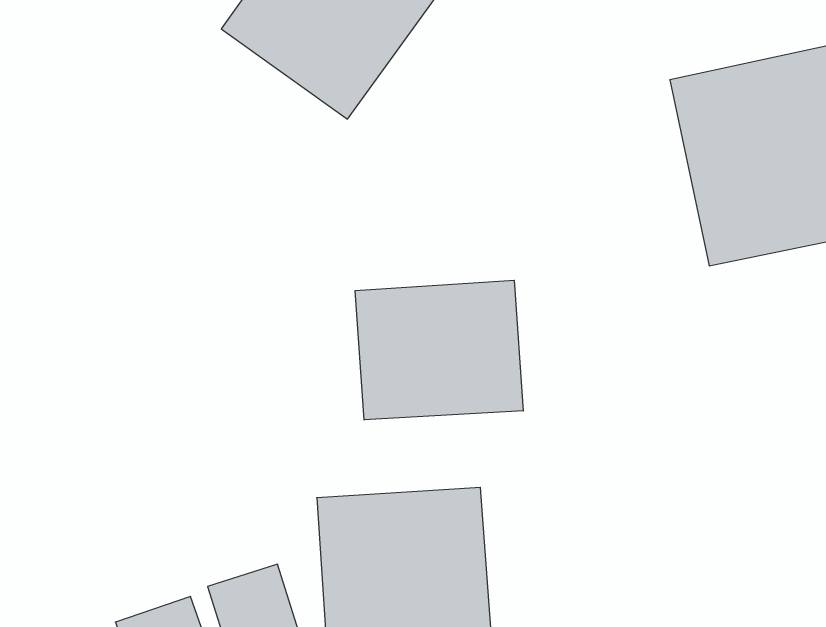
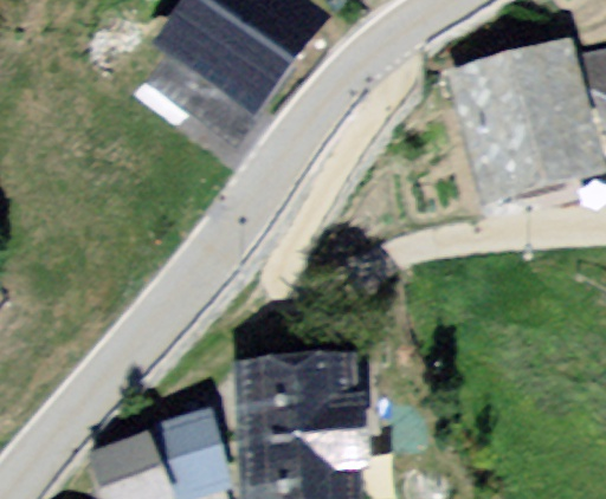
building: [355,280,523,420] -> none

